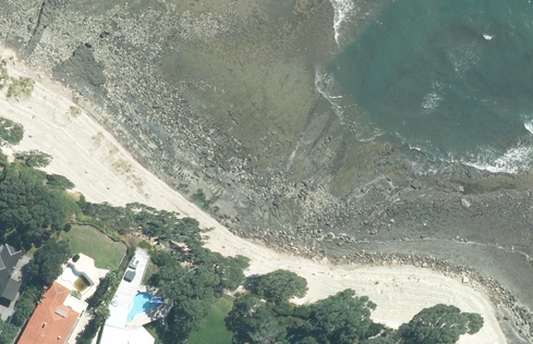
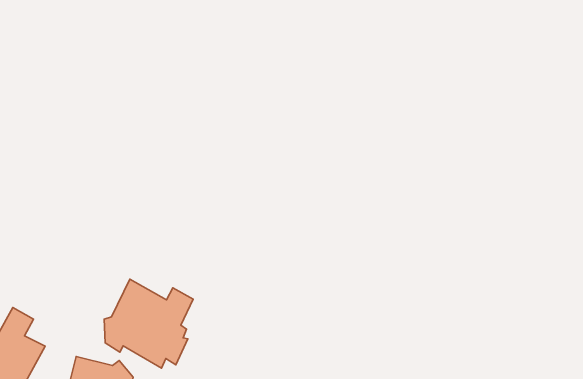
building: none -> [104,279,193,368]

